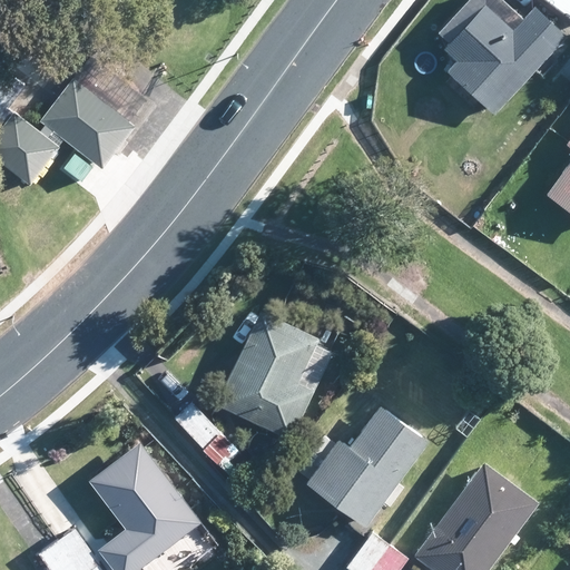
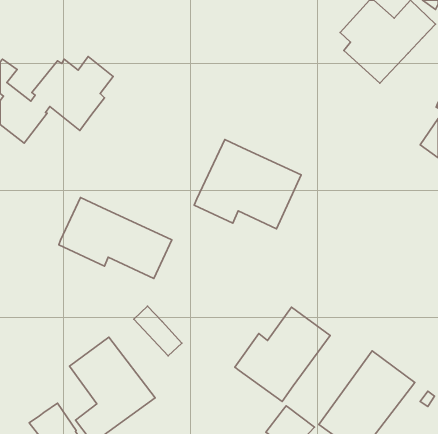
building: none -> [194,139,301,229]
building: none -> [59,198,172,279]
building: [216,309,333,439] -> none

